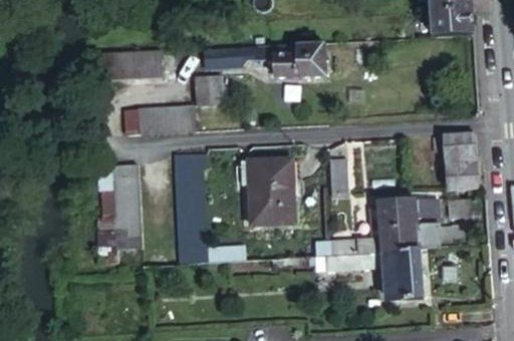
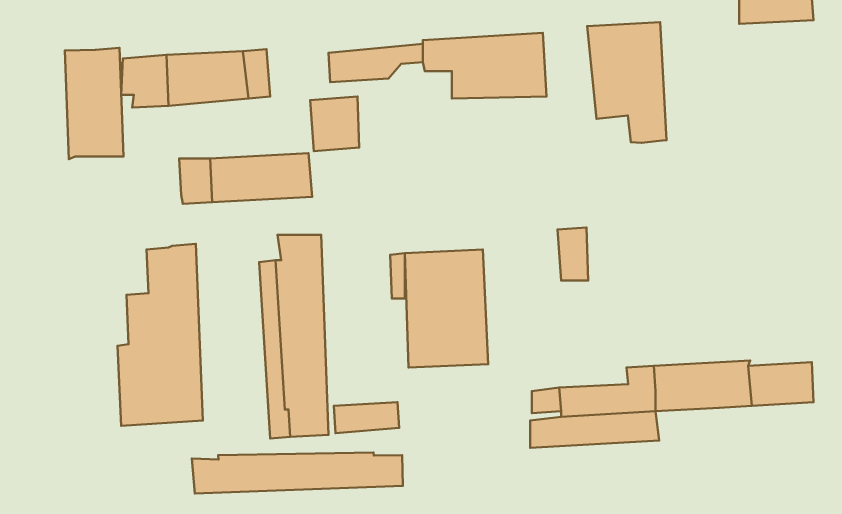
building: none -> [587,22,666,143]
building: none -> [65,48,123,159]
building: [437,132,481,189] -> none
building: [370,198,440,226] -> none
building: [388,248,425,298] -> none
building: none -> [192,453,403,493]

